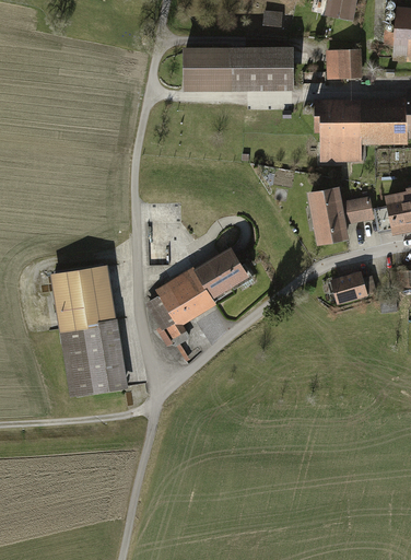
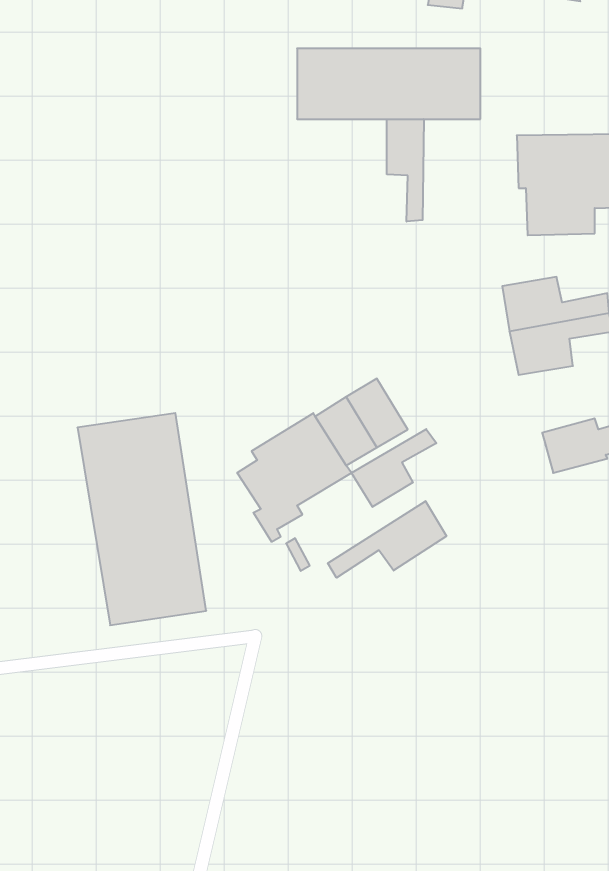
building: [325,48,362,79] -> none
building: none -> [387,119,424,222]
building: none -> [351,429,436,507]
building: none -> [328,501,446,578]

